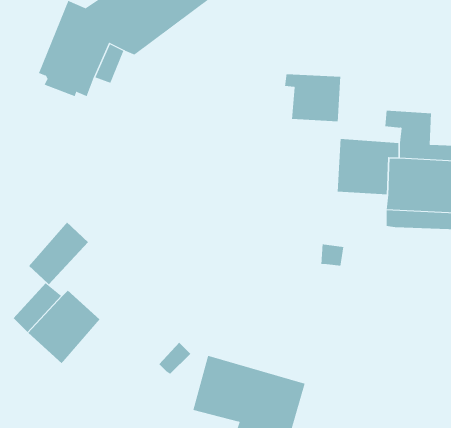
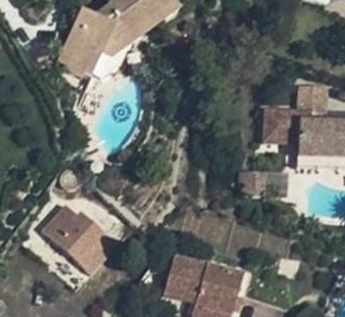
building: [284,74,341,122] -> none
building: [28,221,89,285] -> [75,229,117,273]

